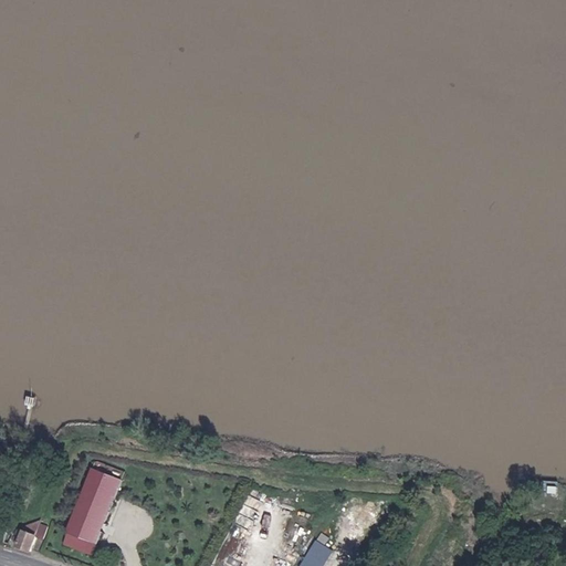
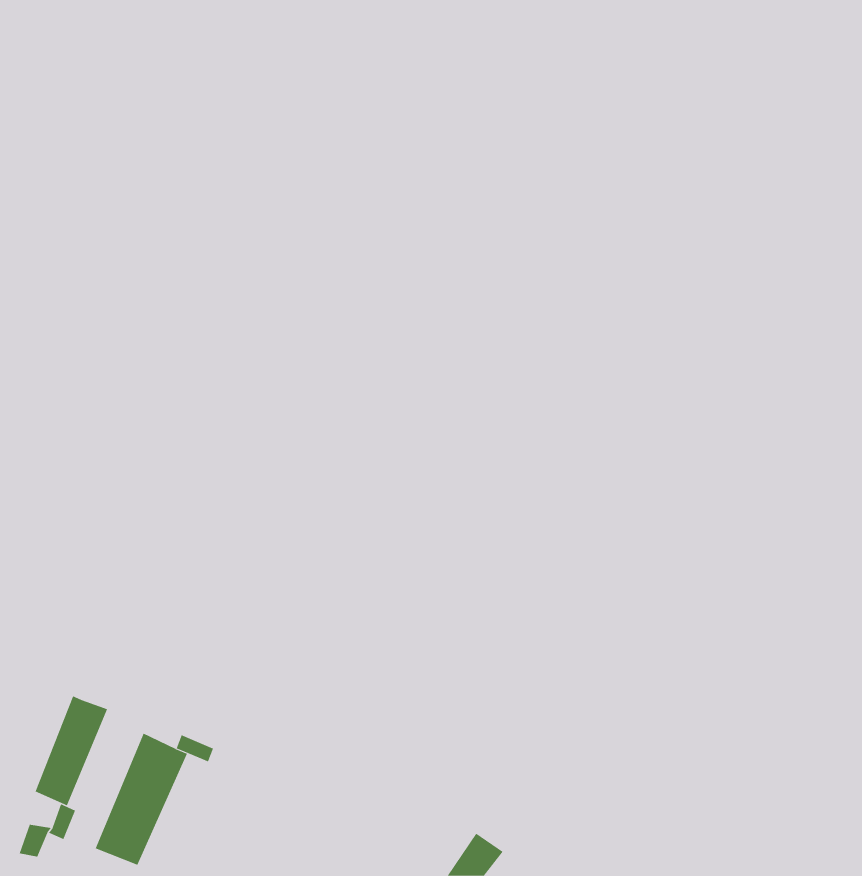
building: none -> [35,696,108,806]

